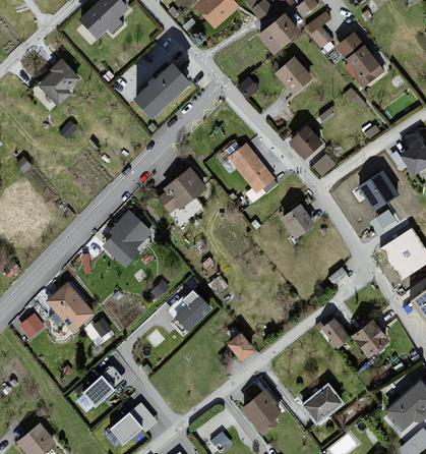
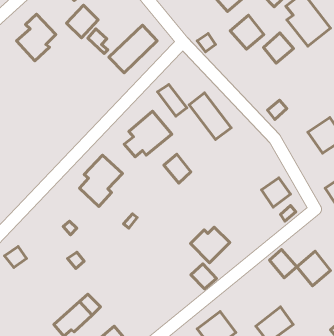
building: none -> [67,5,98,38]
building: [287,124,320,158] -> [264,33,294,63]
building: none -> [158,84,187,116]
building: [280,206,312,238] -> [261,178,291,207]
building: none -> [164,154,191,183]
building: [49,282,97,331] -> none
building: [170,292,214,332] -> [190,227,230,263]

